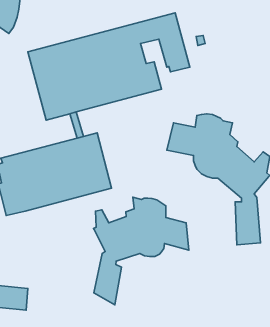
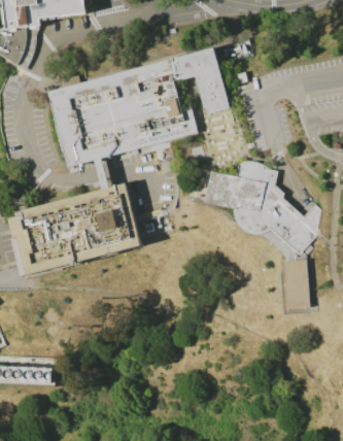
building: [93,197,189,305] -> none

